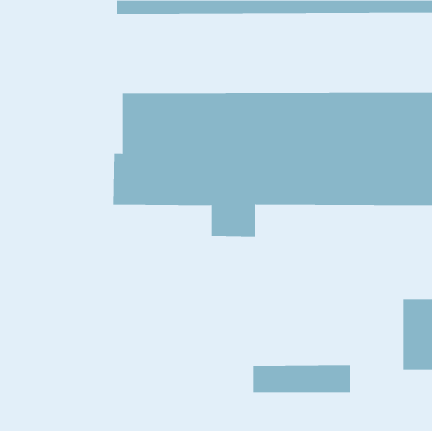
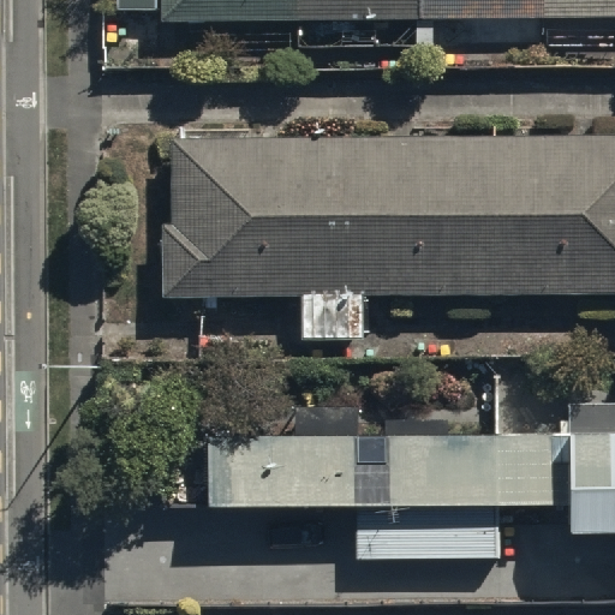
building: none -> [205,412,559,506]

